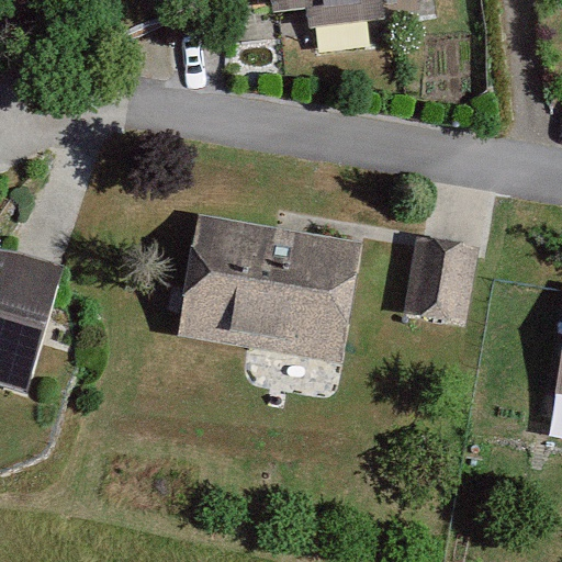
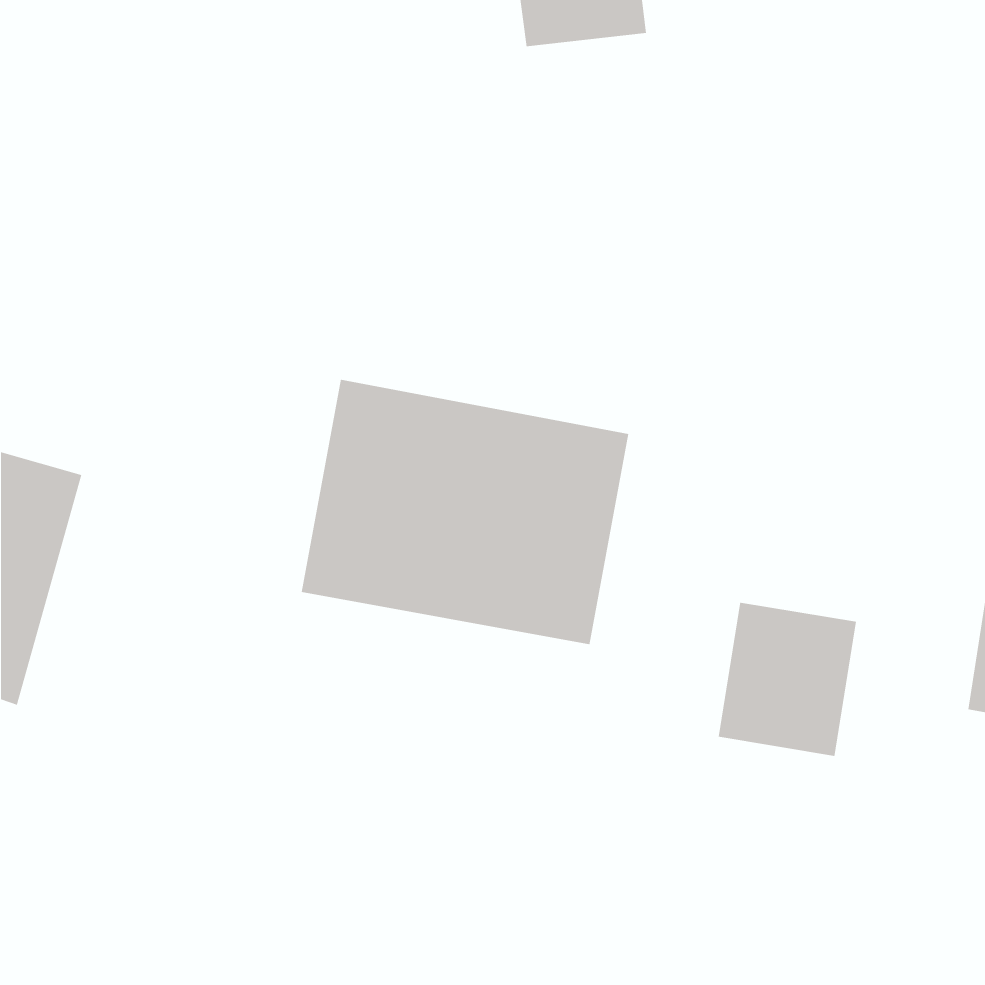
building: [403,238,481,325] -> [718,602,857,756]

